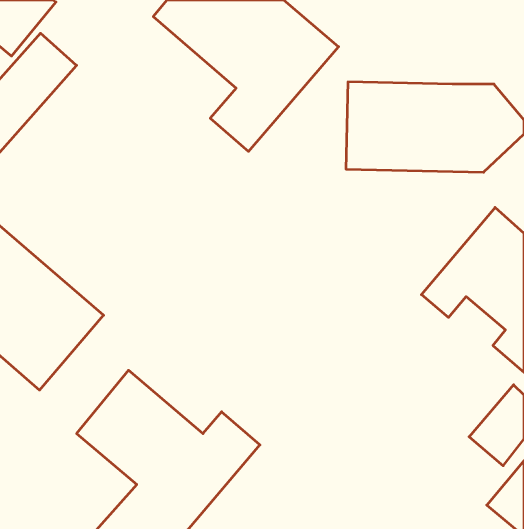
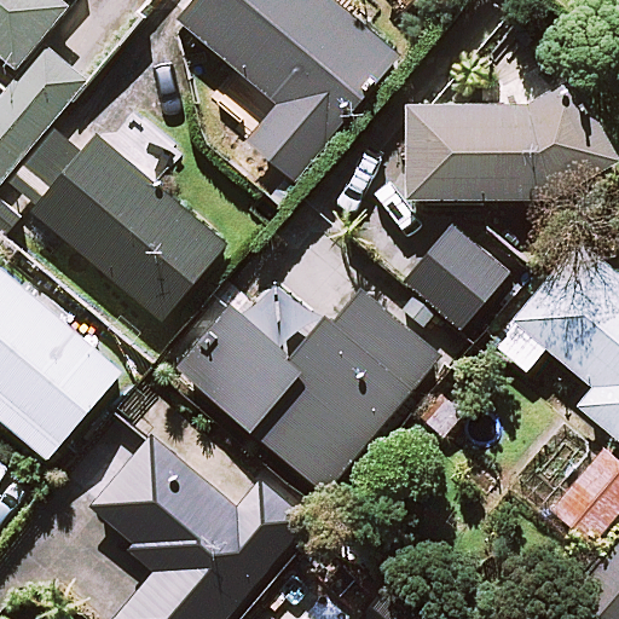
building: none -> [33,138,222,320]
building: none -> [403,226,509,331]
building: none -> [180,285,442,493]

